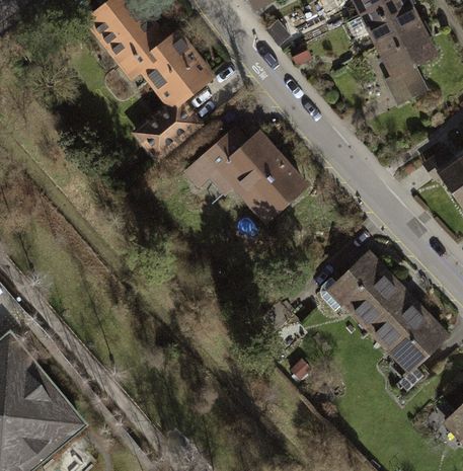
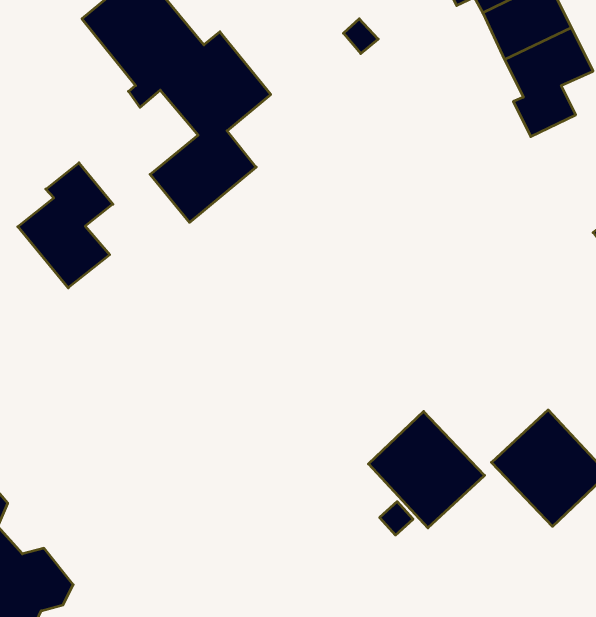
building: none -> [18,163,113,288]
building: [182,125,313,227] -> none
building: [327,250,408,331] -> [368,411,485,528]

